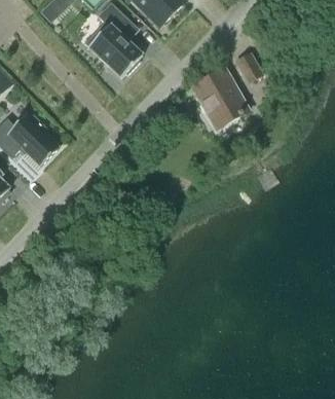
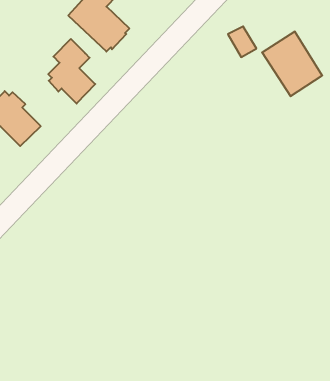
building: none -> [48,39,95,104]
building: [192,67,249,128] -> [262,32,322,96]

